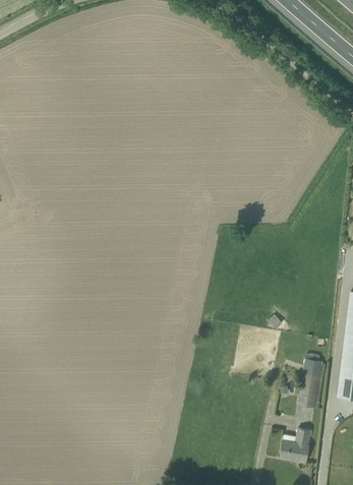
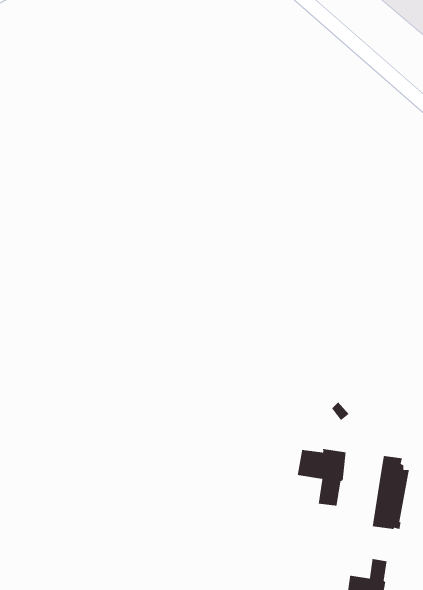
building: none -> [297,448,347,507]

